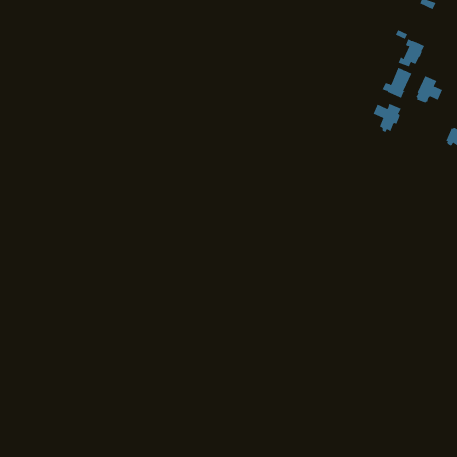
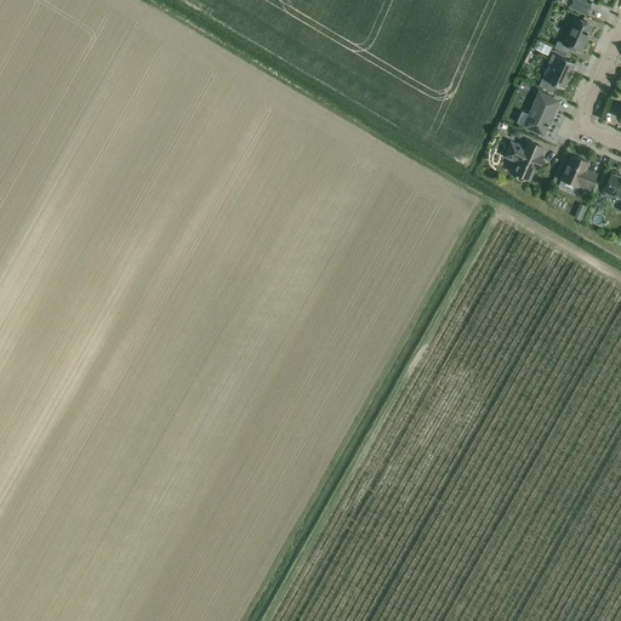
building: none -> [556,17,593,53]
building: [415,75,443,103] -> [559,154,597,192]

